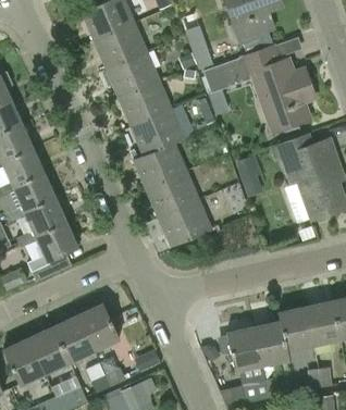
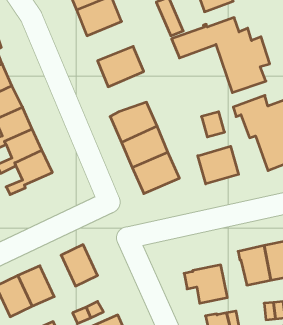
building: [107,52,159,97] -> none
building: [131,109,184,154] -> none
building: none -> [198,146,239,184]
building: [27,223,78,273] -> none
building: [53,316,94,363] -> none
building: [258,322,289,364] -> none

